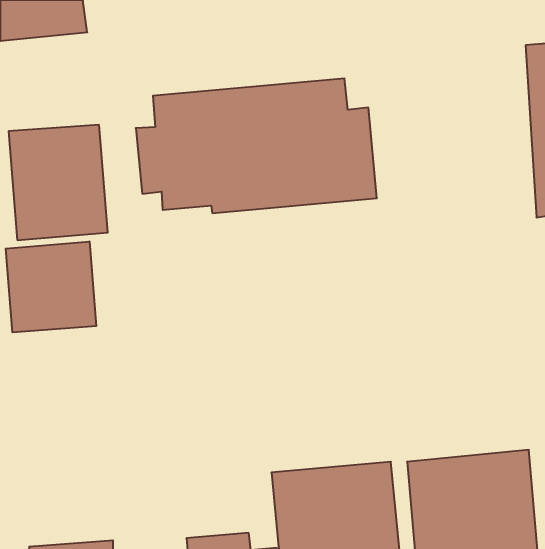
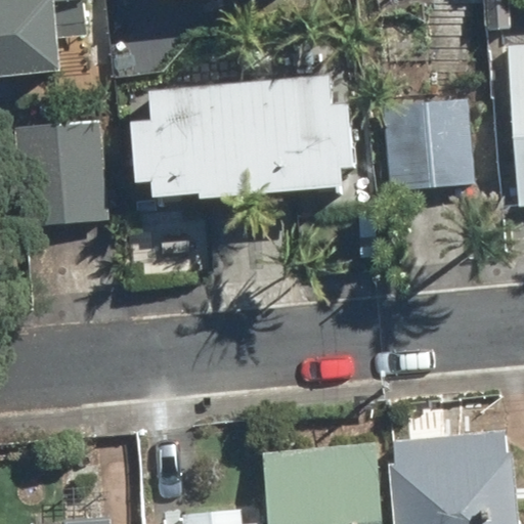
building: none -> [380,95,472,191]
building: [6,241,96,332] -> none

